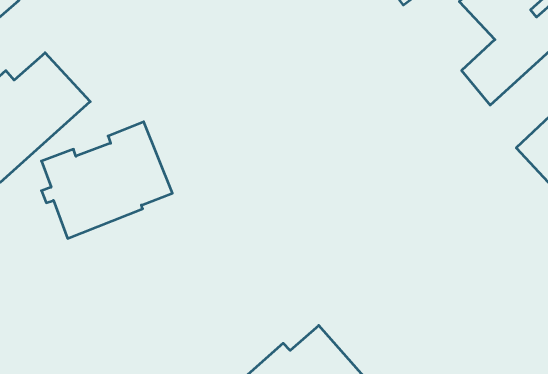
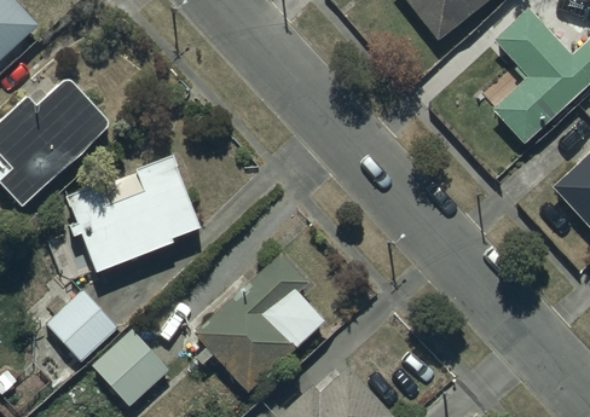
building: none -> [195,251,324,390]
building: none -> [47,290,117,360]
building: none -> [91,329,168,406]

